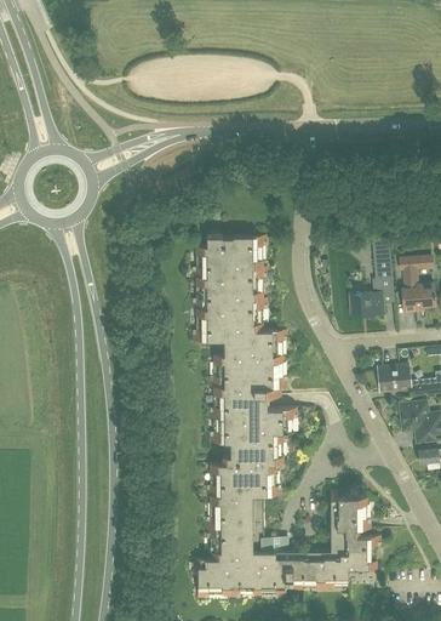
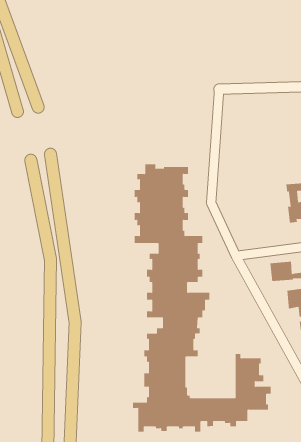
building: [350,232,394,314] -> none

